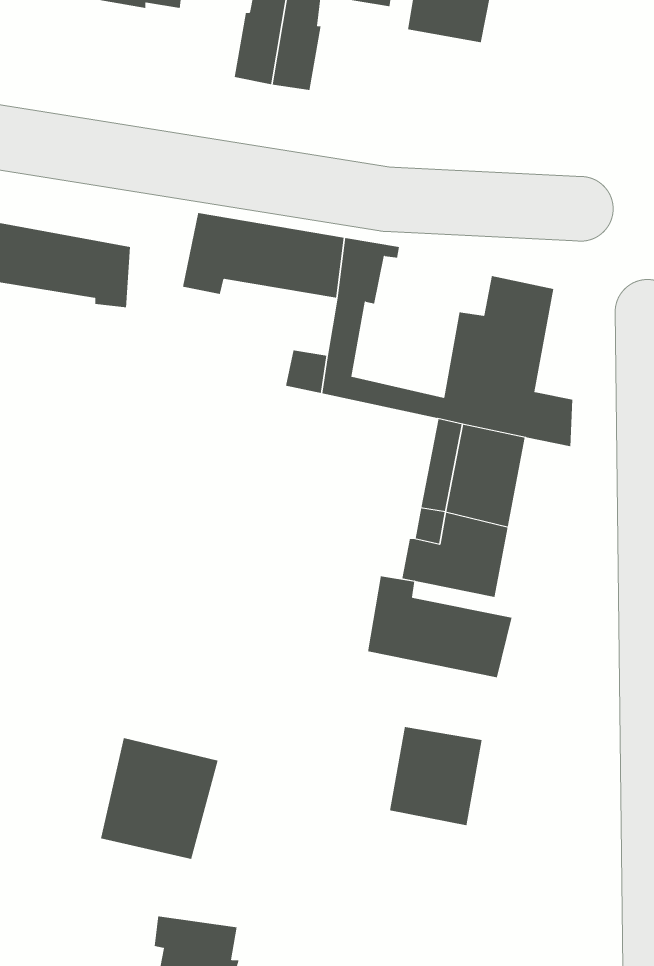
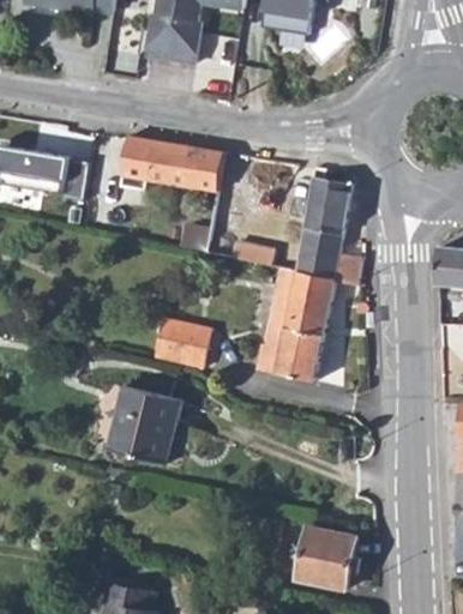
building: none -> [155,324,211,372]
building: [367,575,512,678] -> none
building: [389,727,482,826] -> [296,523,355,585]
building: [100,737,218,859] -> [109,384,184,460]

